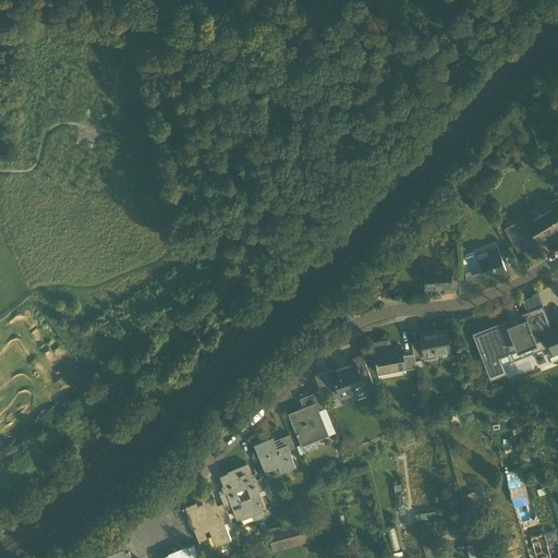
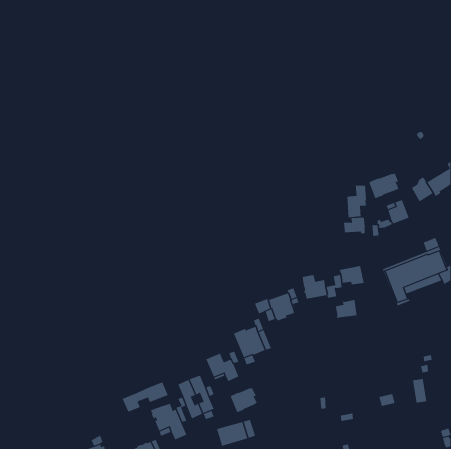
building: none -> [369,173,399,199]
building: none -> [347,185,367,218]
building: none -> [334,299,357,319]
building: none -> [122,382,169,413]
building: none -> [230,387,258,413]

